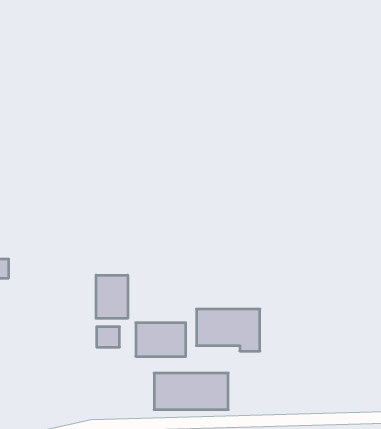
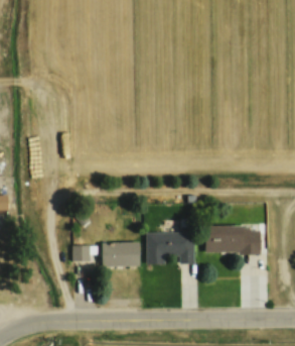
building: [96,275,128,318] -> none
building: [154,373,228,410] -> [205,226,261,253]

